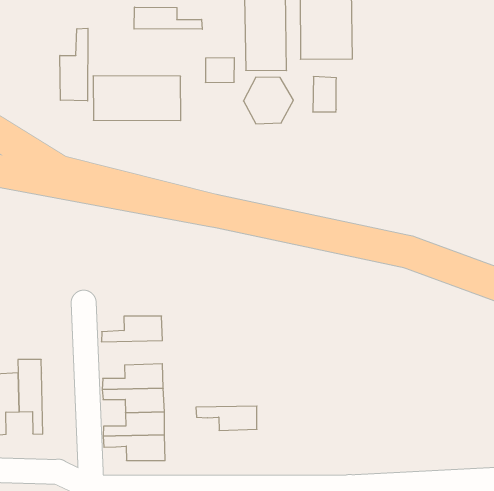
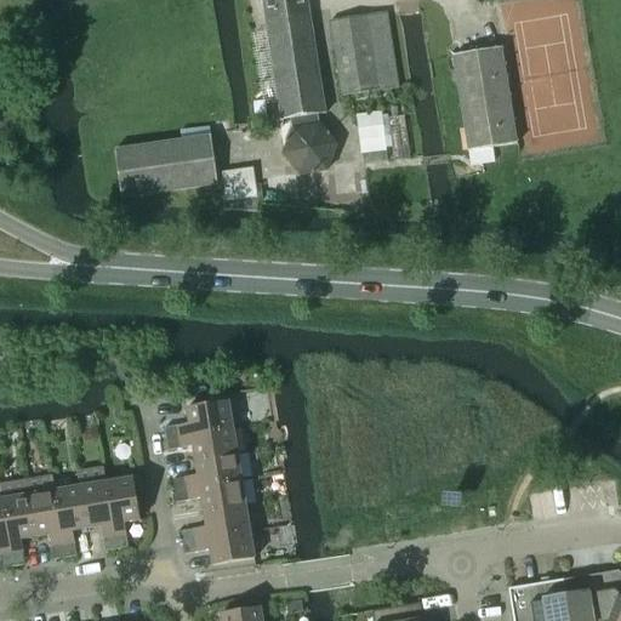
building: [134,7,202,29] -> none
building: [60,28,88,101] -> none
building: none -> [454,45,517,148]
building: [205,58,234,82] -> [222,165,257,196]
building: none -> [106,475,141,547]
building: [196,406,257,430] -> [166,426,237,458]

